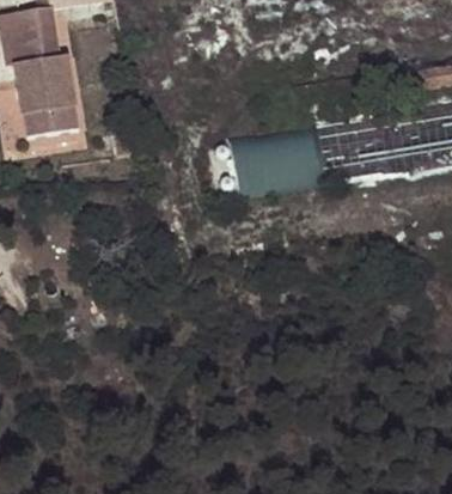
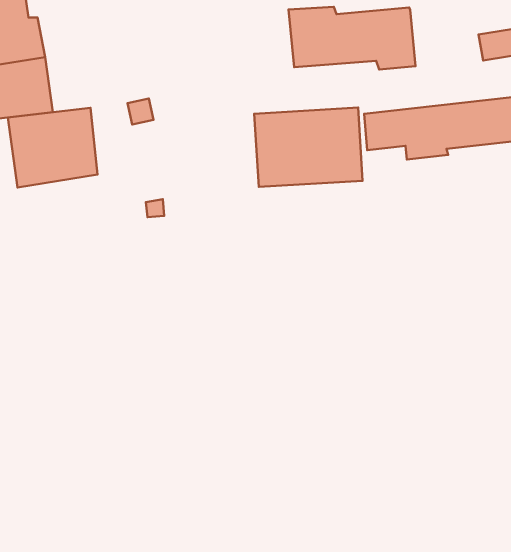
building: none -> [288,7,416,70]
building: none -> [8,108,98,188]

